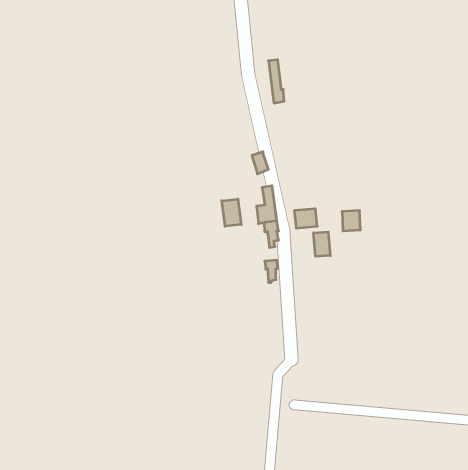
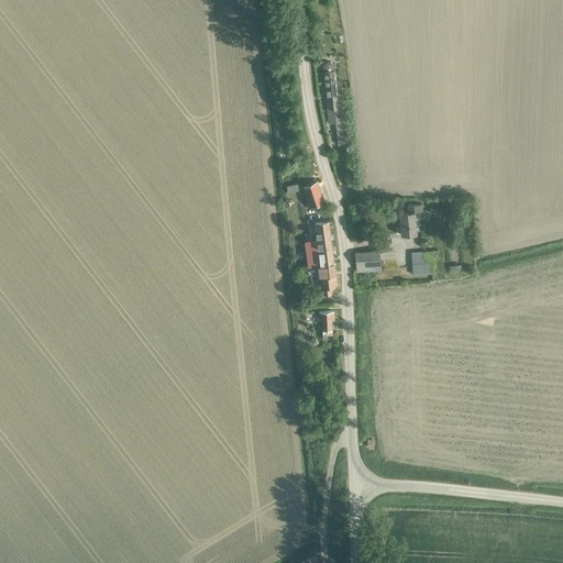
building: none -> [398,207,421,236]
building: [222,199,241,226] -> none
building: [314,232,330,256] -> none

